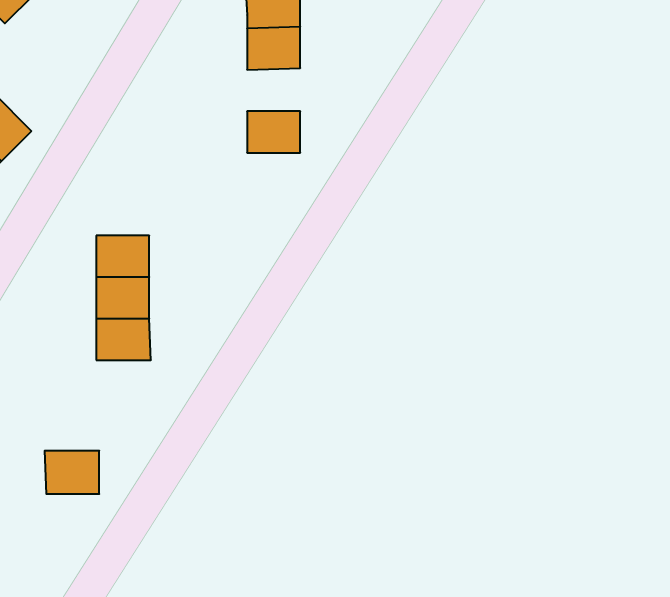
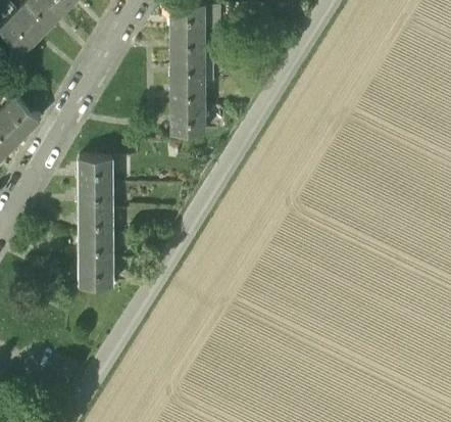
building: none -> [171,82,204,108]
building: none -> [79,158,111,185]
building: [45,451,99,494] -> [79,262,112,288]

